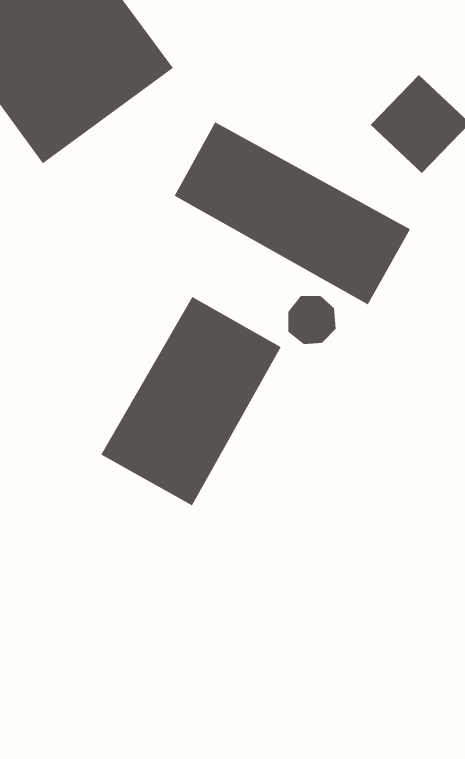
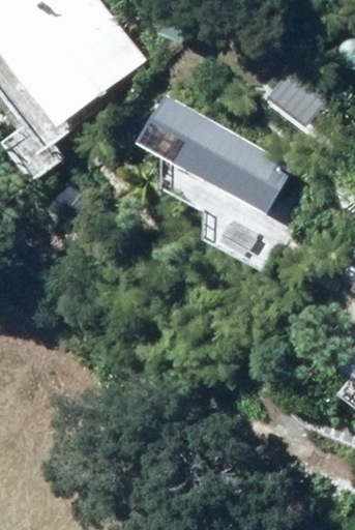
building: [100,296,282,506] -> none

